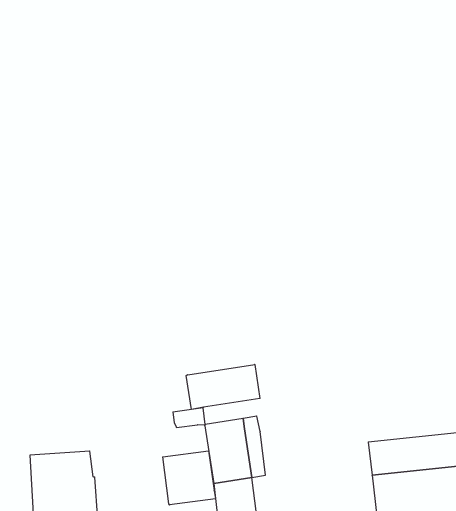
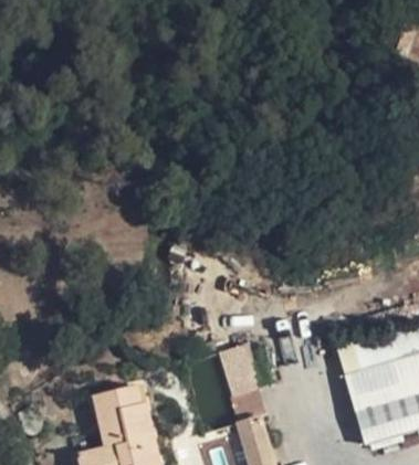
building: [186,364,260,409] -> none
building: [163,451,216,505] -> none

